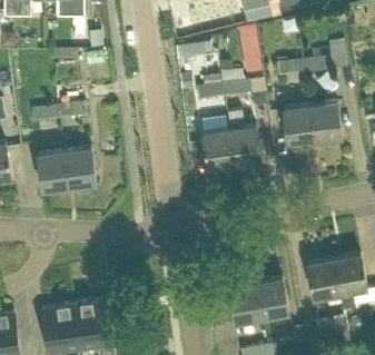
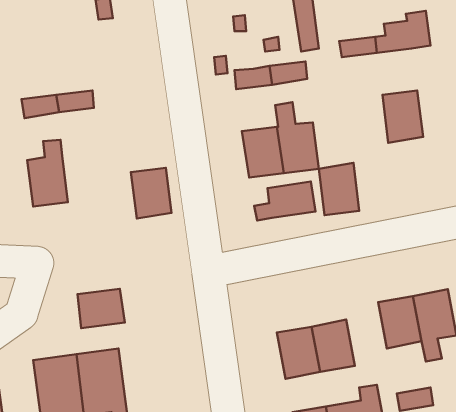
building: [284,103,315,144] -> [319,163,359,215]
building: [65,147,96,186] -> [131,168,172,219]
building: none -> [254,182,315,221]
building: none -> [77,289,125,328]

